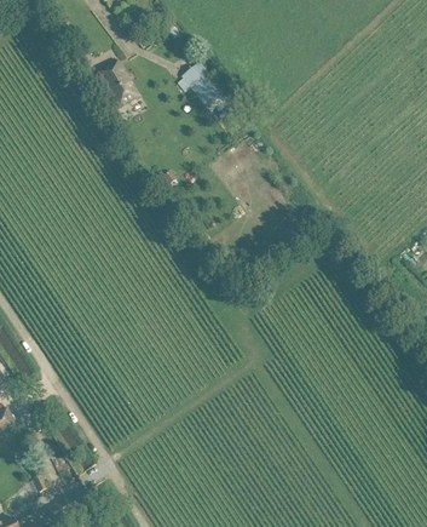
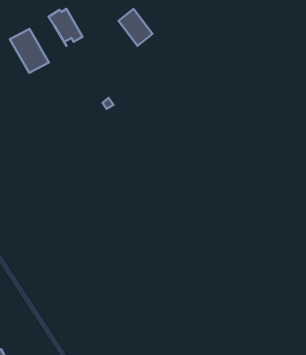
building: none -> [10,29,49,73]

